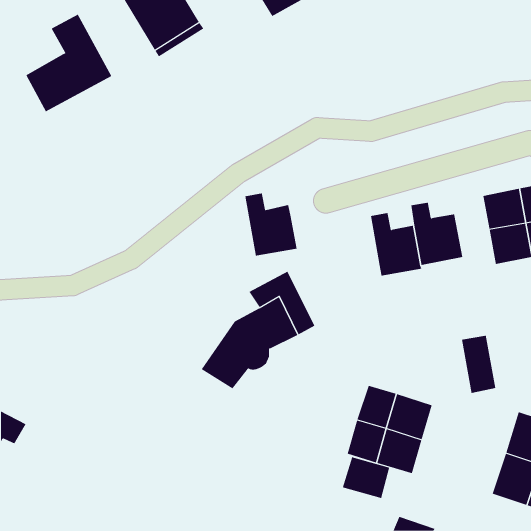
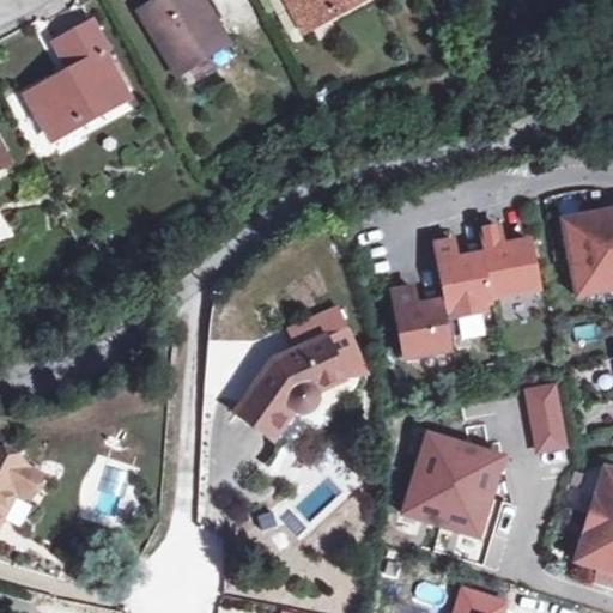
building: [245,193,297,256] -> [389,287,449,359]
building: [342,456,390,499] -> none

